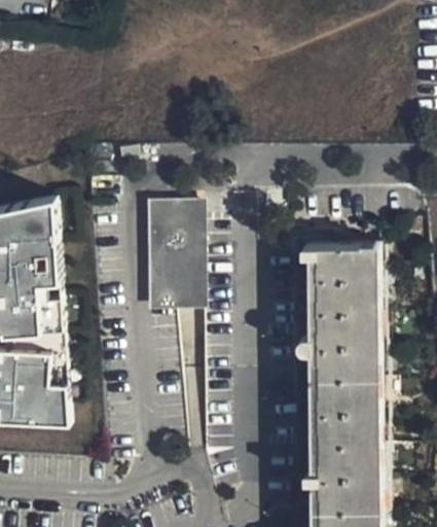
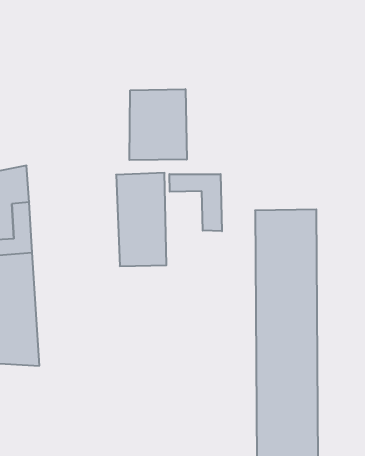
building: none -> [129,89,187,160]
building: none -> [169,174,222,231]

